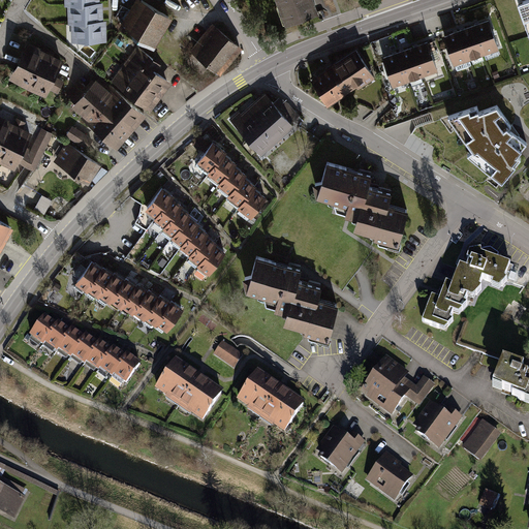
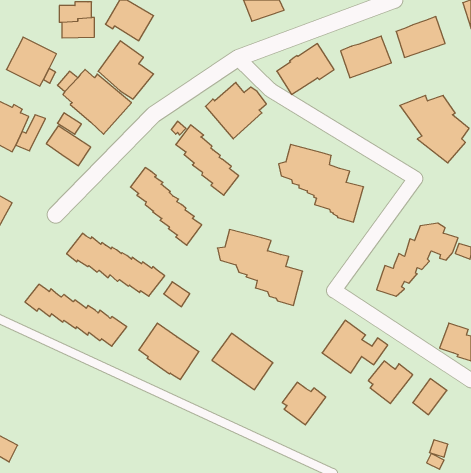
building: [184,25,237,77] -> none
building: [213,342,242,370] -> [164,282,190,307]
building: [364,453,411,502] -> none

